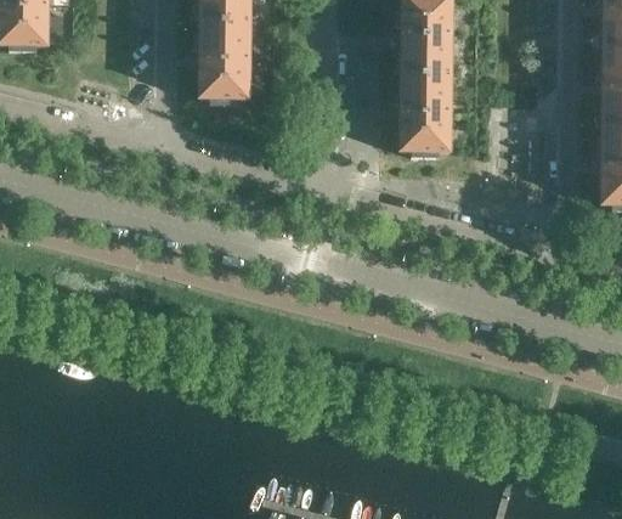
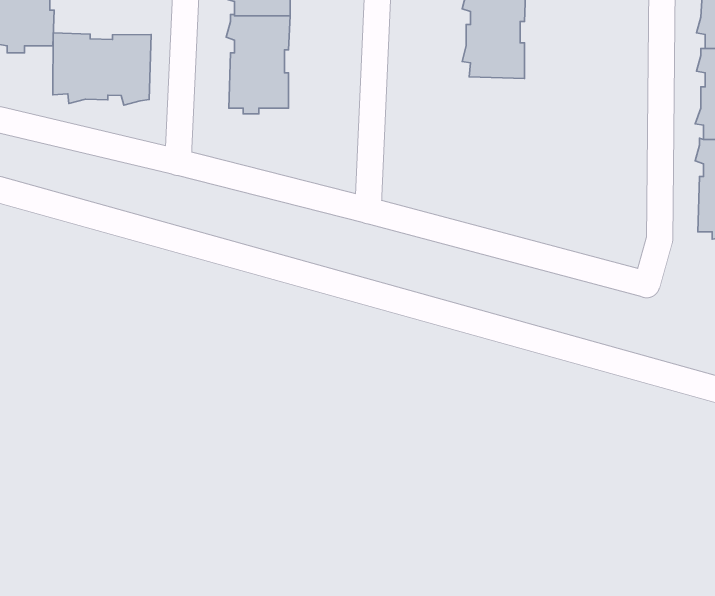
building: none -> [53,33,151,105]
building: [397,68,452,153] -> none

